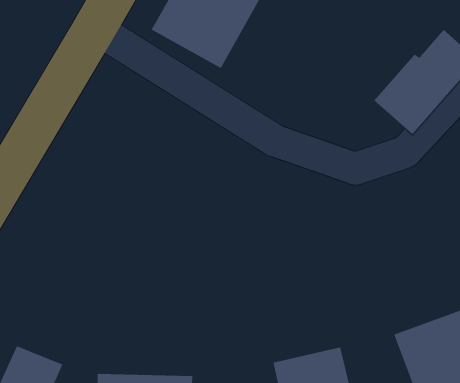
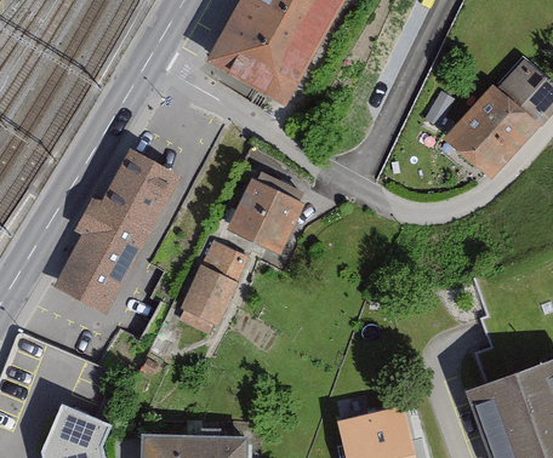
building: none -> [56,155,181,315]
building: none -> [236,183,302,250]
building: none -> [182,241,245,321]

